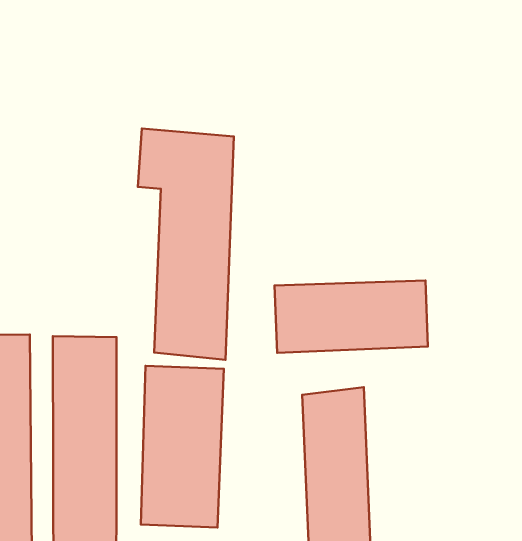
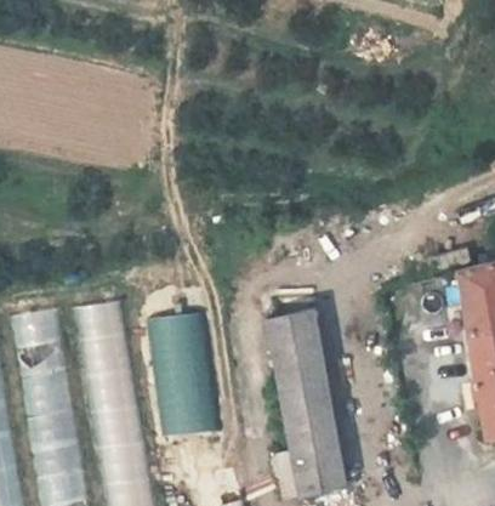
building: [138,129,234,360] -> none
building: [275,281,428,353] -> none

